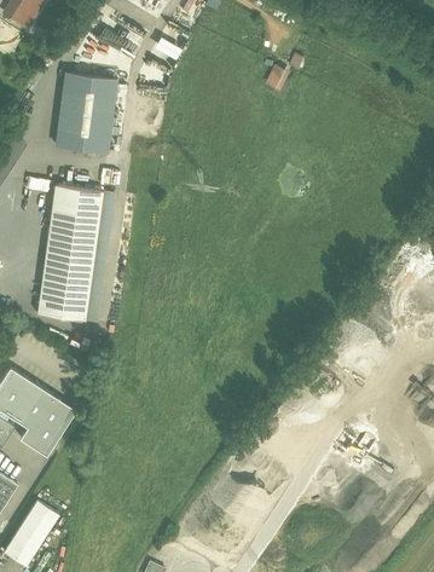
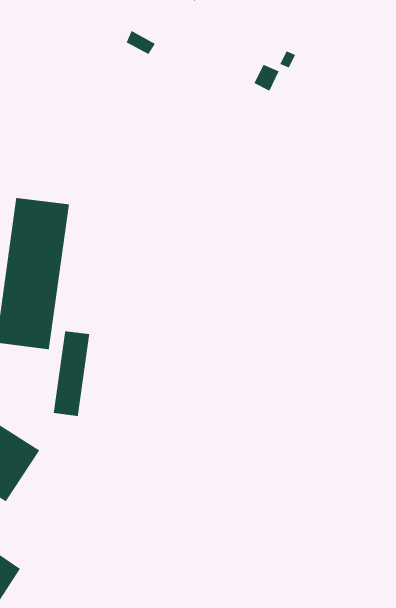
building: [54,73,115,152] -> none
building: none -> [53,331,90,417]

